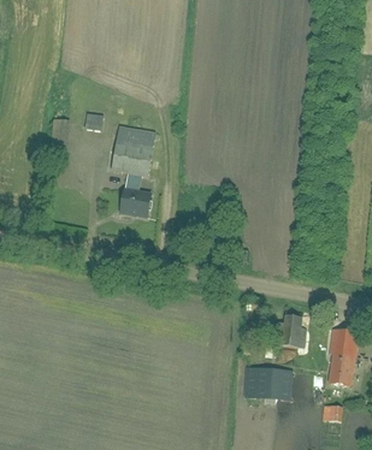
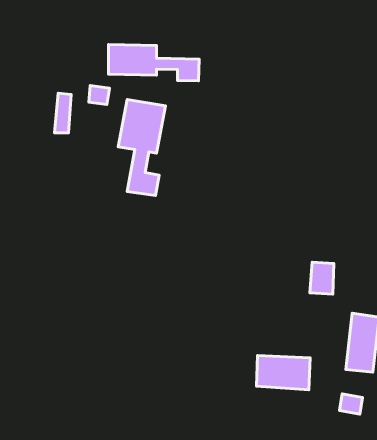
building: none -> [109,44,199,81]
building: [282,316,305,347] -> [310,262,334,294]

